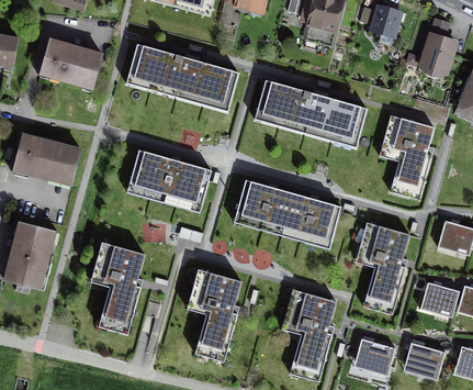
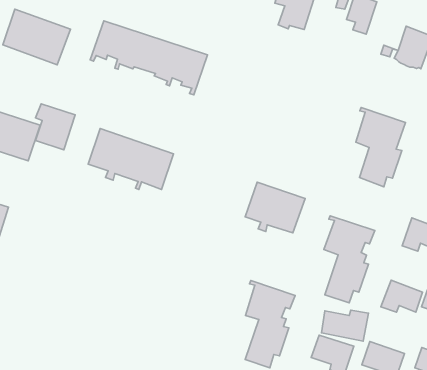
building: [254,80,365,147] -> none
building: none -> [35,104,75,150]
building: [235,179,293,230] -> none
building: [97,242,144,326] -> none
building: [193,269,240,353] -> none
building: none -> [322,310,369,341]

